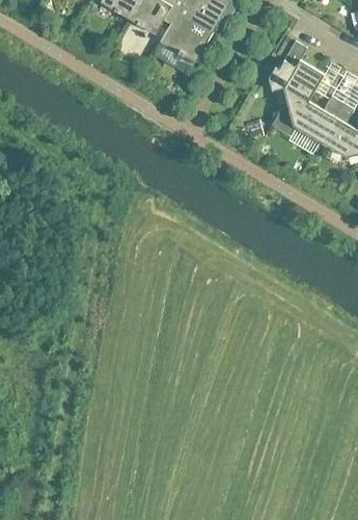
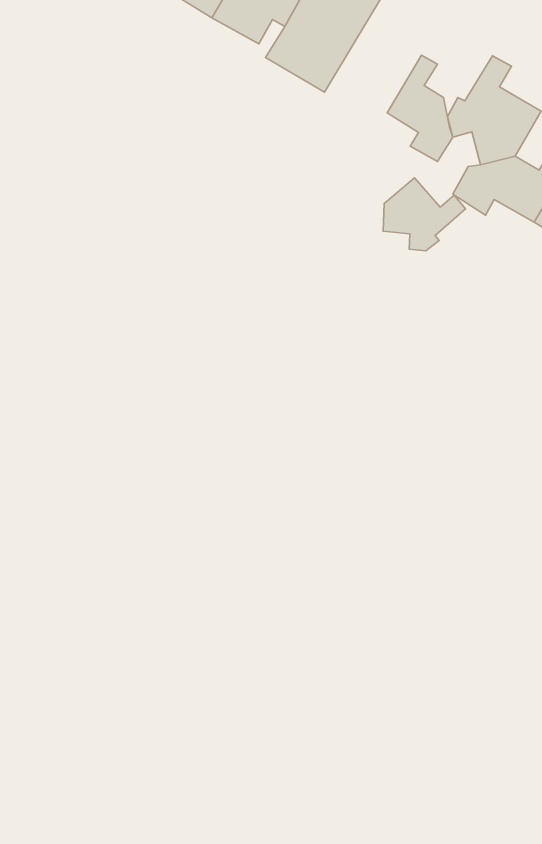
building: none -> [387,55,453,161]
building: none -> [383,178,465,251]

